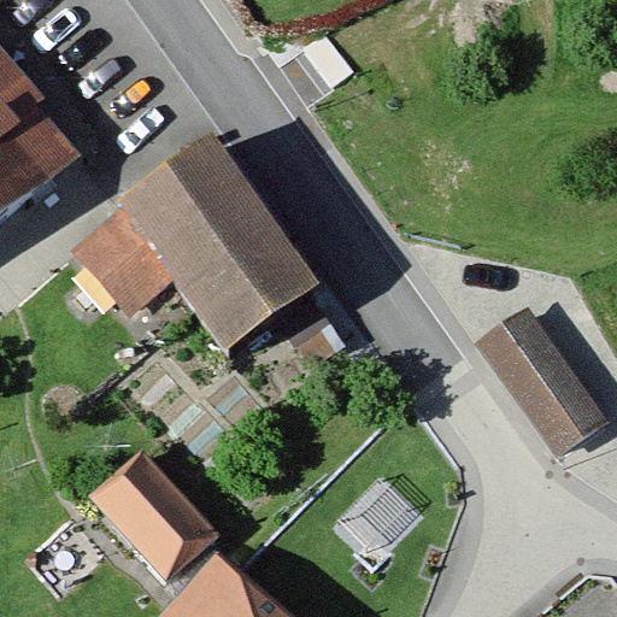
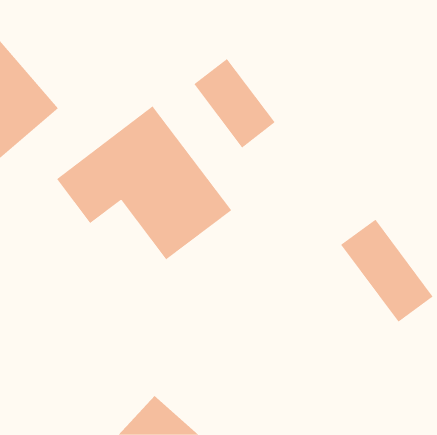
building: none -> [193,58,276,148]
building: [86,451,206,571] -> none

